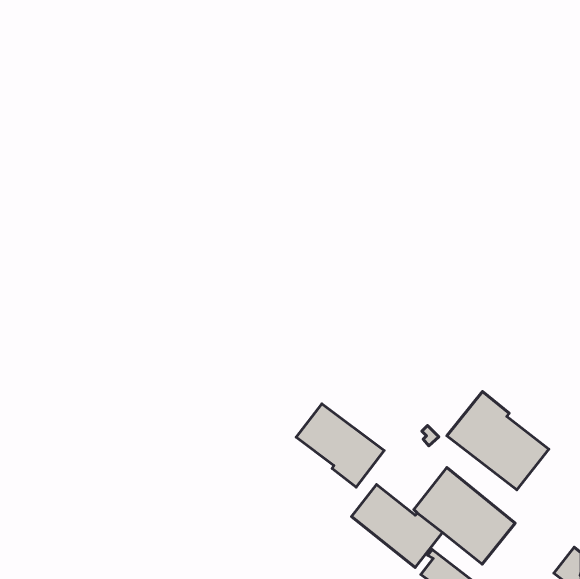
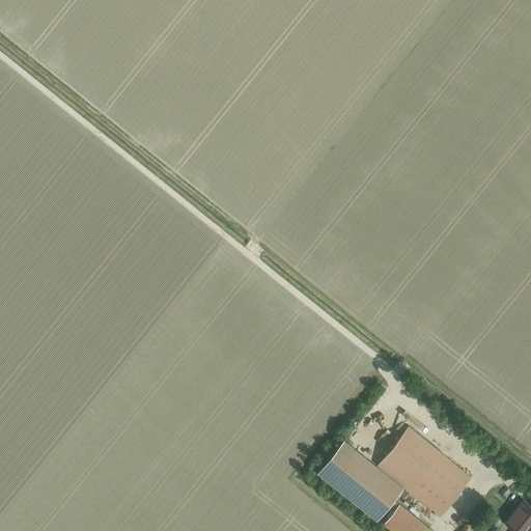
building: [447,392,549,490] -> none
building: [296,404,384,487] -> none

